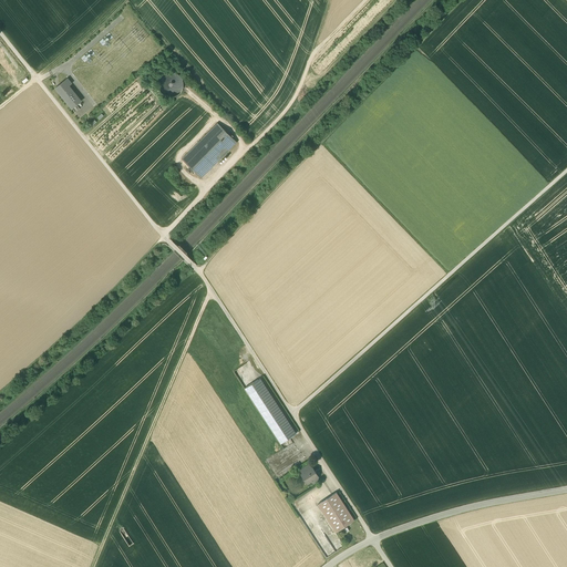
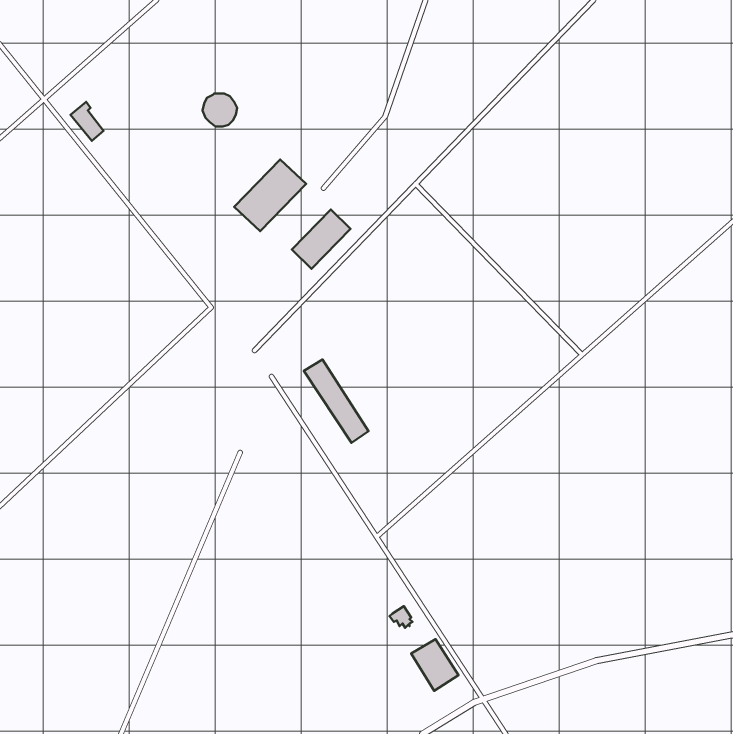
building: none -> [292,209,350,269]
building: [246,378,296,442] -> [304,359,369,443]

